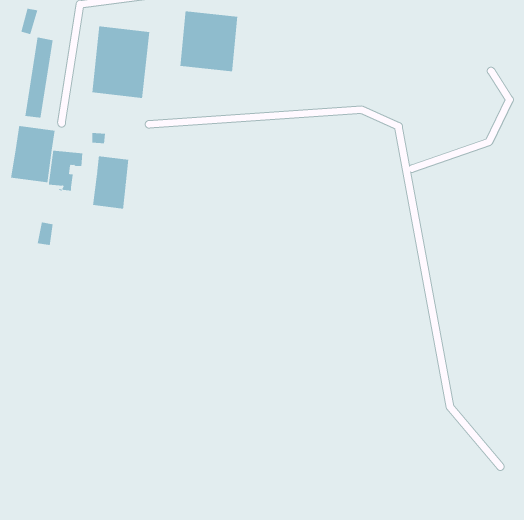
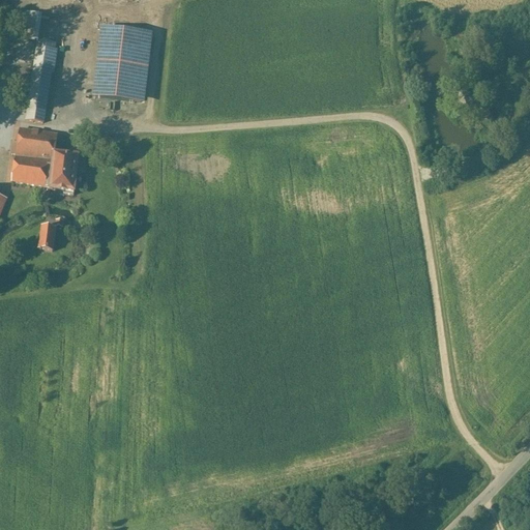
building: [180,11,238,72] -> none
building: [92,155,129,209] -> none

